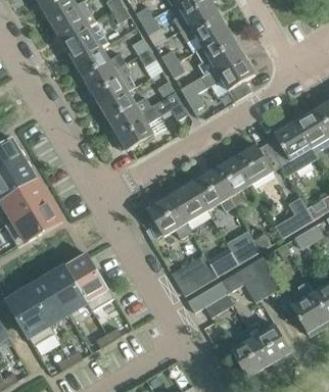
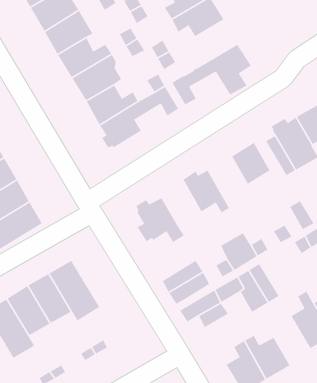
building: [196,31,242,75] -> none
building: [215,157,251,205] -> none
building: [172,179,208,222] -> none

